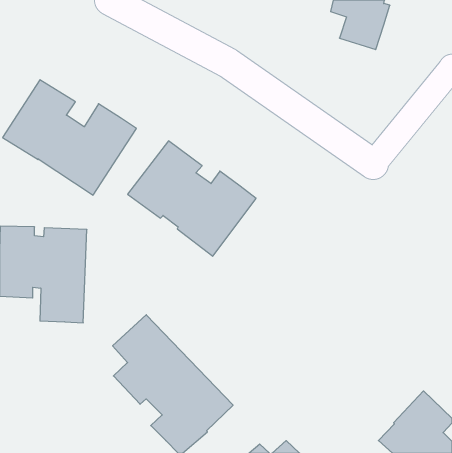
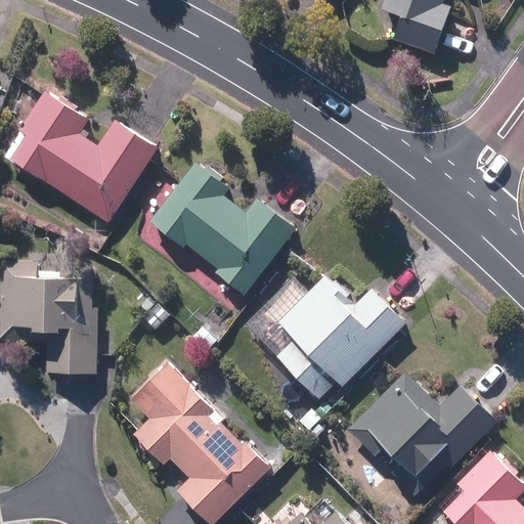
building: none -> [271,271,404,402]
building: none -> [348,373,497,498]

